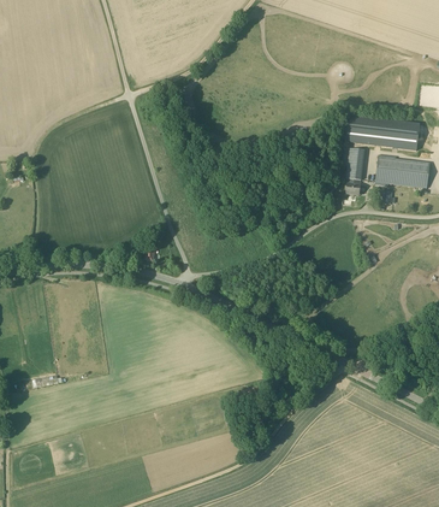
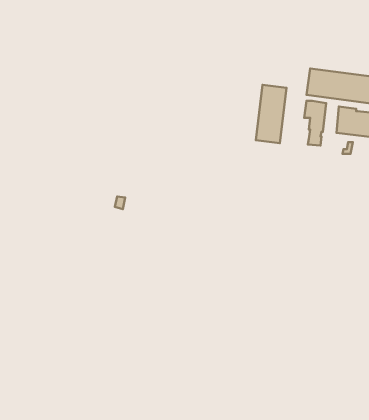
building: none -> [256,85,286,143]

